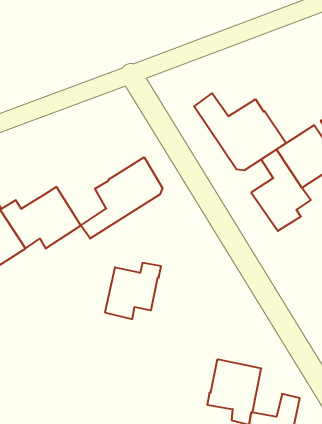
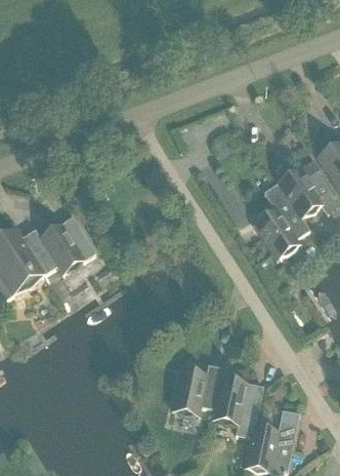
building: [194,93,286,170] -> none
building: [81,157,162,239] -> none
building: [105,263,161,319] -> [172,363,224,415]

